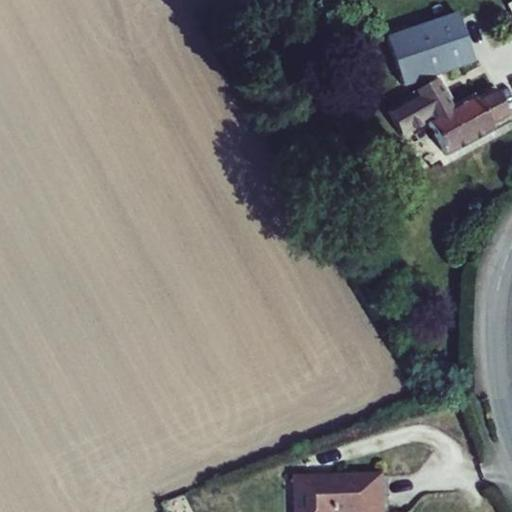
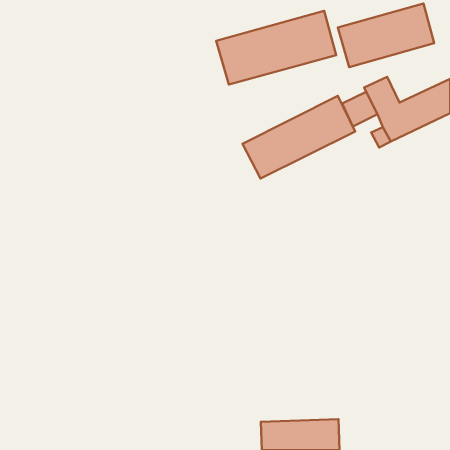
building: none -> [216,11,336,85]
building: none -> [242,96,355,179]

